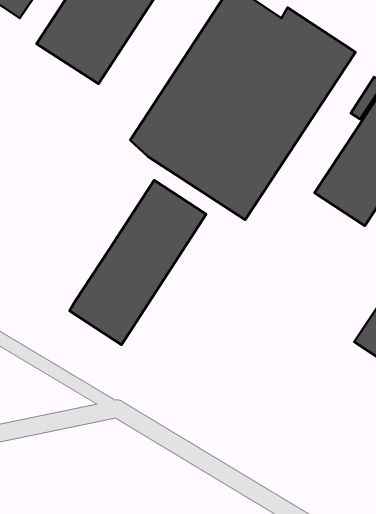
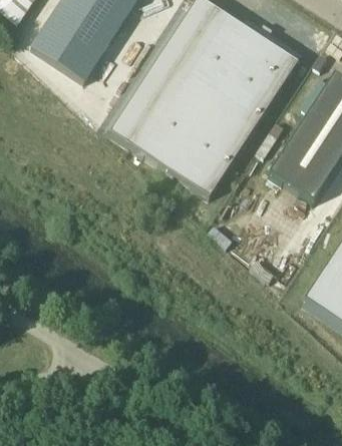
building: [69,180,206,345] -> none

